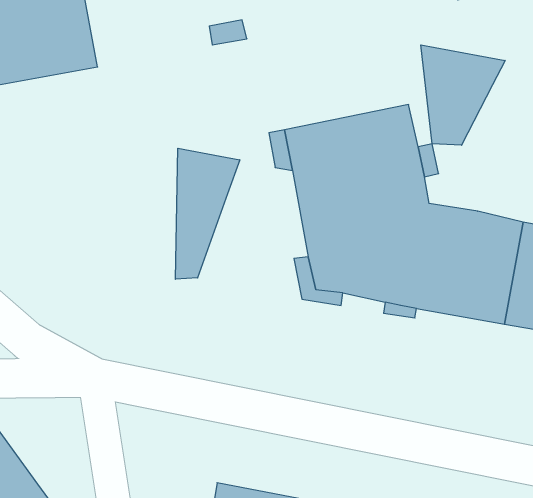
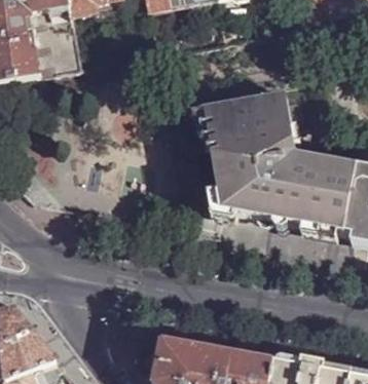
building: [421,45,505,145] -> none
building: [175,148,240,279] -> none

